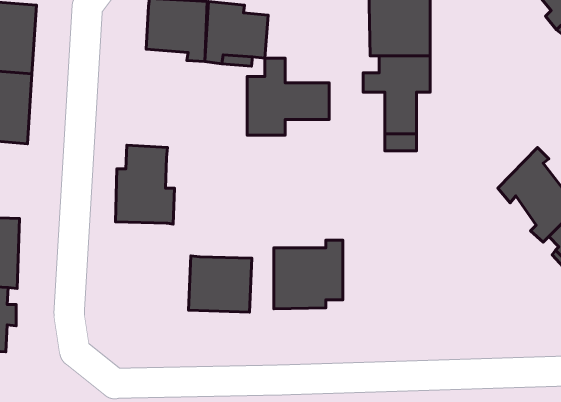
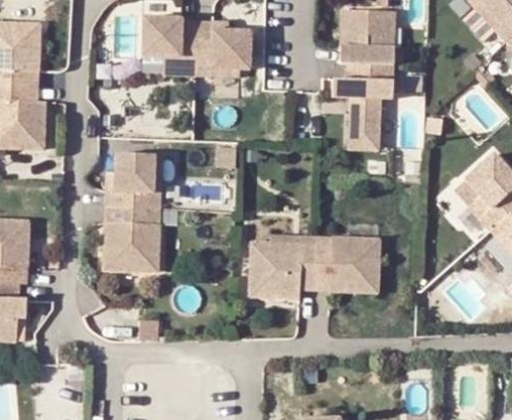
building: [247,58,329,135] -> none
building: none -> [314,235,377,289]
building: [189,256,252,312] -> [102,219,158,269]

